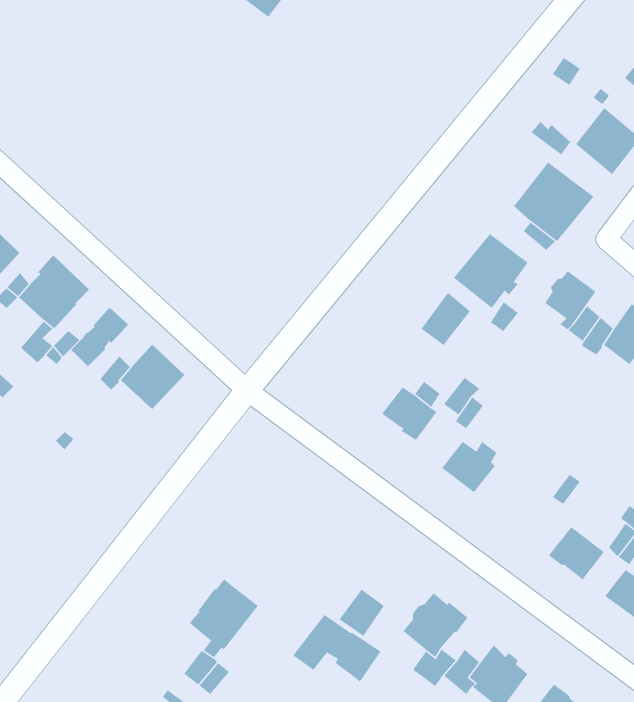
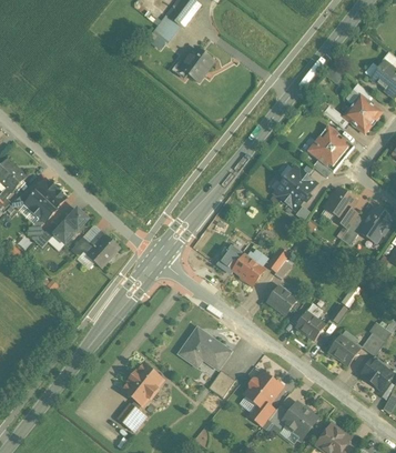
building: none -> [180,47,214,81]
building: [421,292,471,346] -> [215,242,244,273]
building: none -> [295,306,325,339]
building: [292,613,382,683] -> [179,328,230,368]

